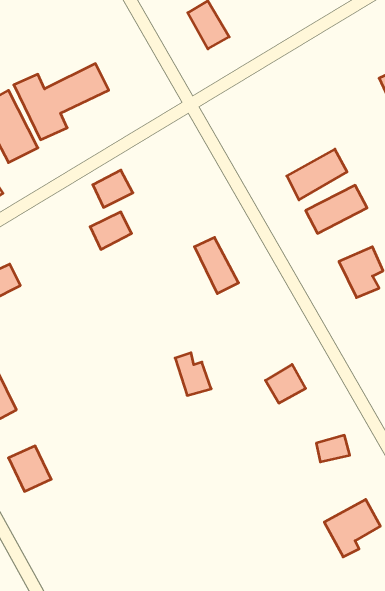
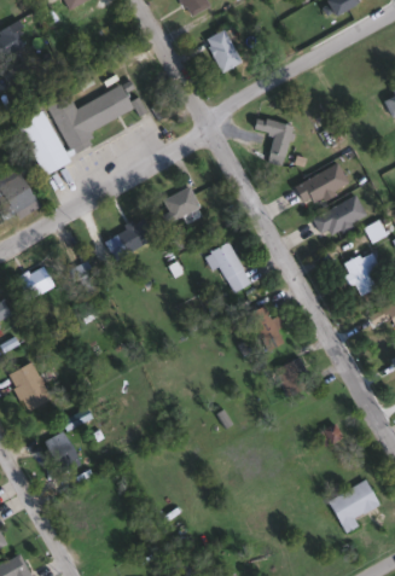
building: none -> [254,118,292,167]
building: [93,170,133,207] -> [164,187,201,221]
building: [175,353,211,395] -> [252,308,285,347]

